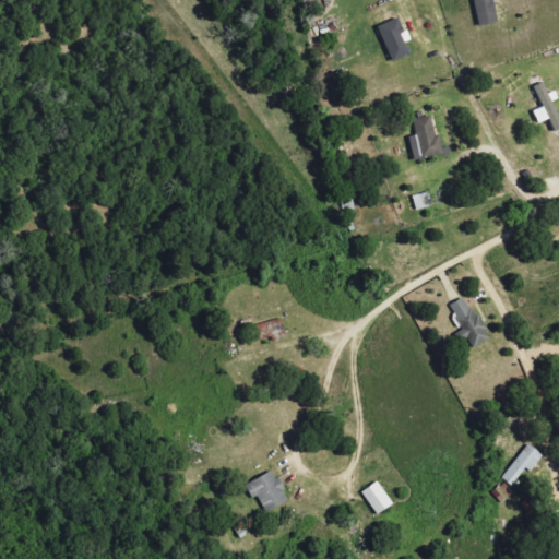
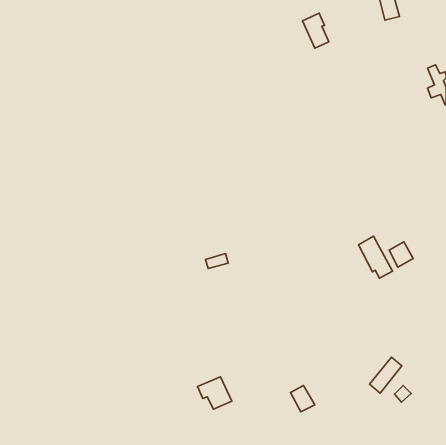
building: [409,114,442,159] -> none
building: none -> [389,242,413,267]
building: [501,442,542,487] -> [370,357,402,393]

